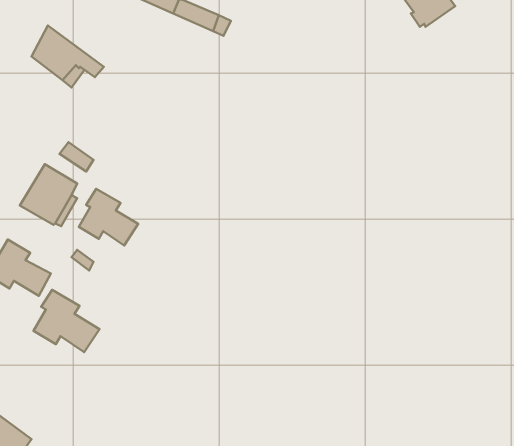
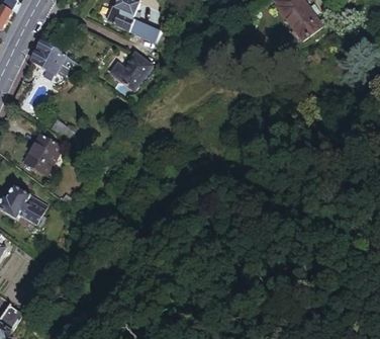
building: none -> [108,57,148,90]
building: [79,189,138,245] -> none
building: [33,290,100,352] -> none

